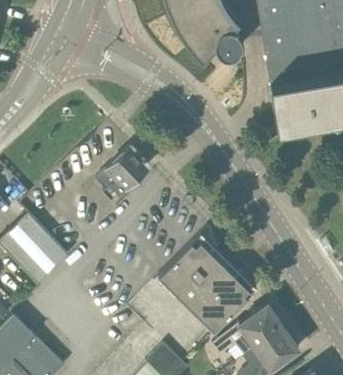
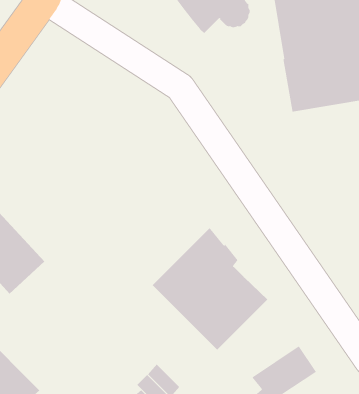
building: [97,148,150,202] -> none
building: [213,305,284,358] -> none

